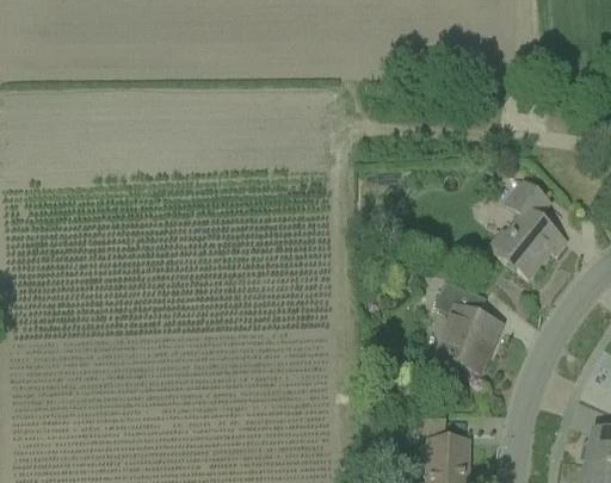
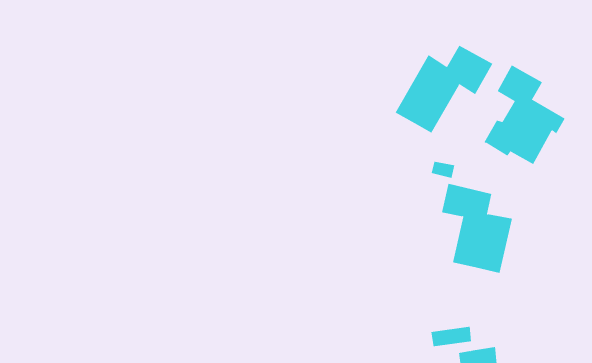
building: none -> [395,45,493,134]

